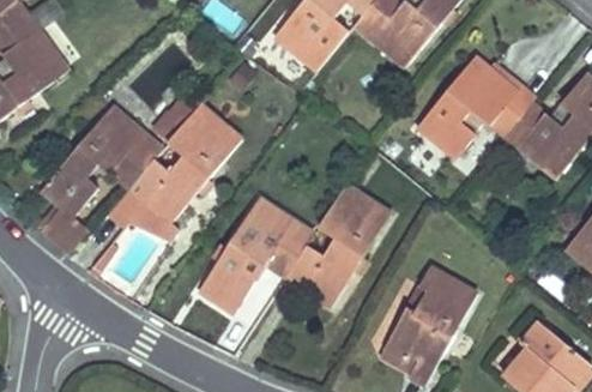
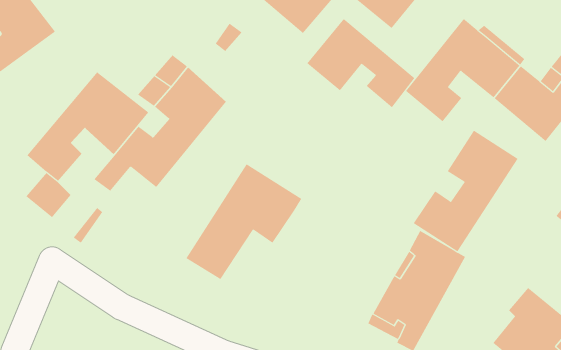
building: none -> [307,18,415,108]
building: [286,186,391,307] -> [413,130,518,252]

